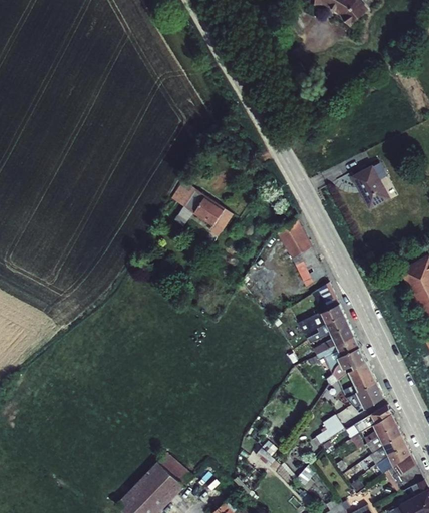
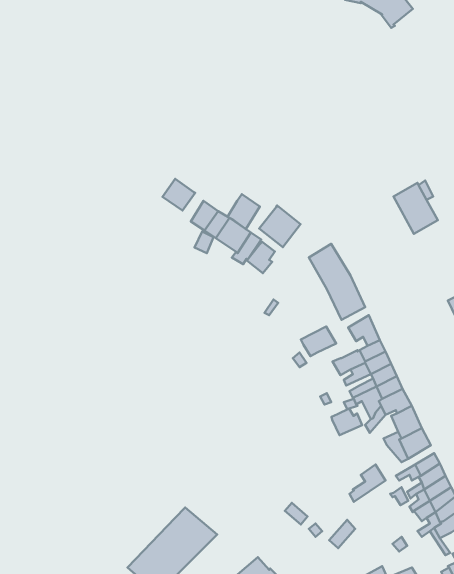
building: none -> [162,179,195,211]
building: none -> [228,194,260,229]
building: none -> [259,205,301,247]
building: none -> [247,242,275,273]
building: none -> [301,327,336,356]
building: none -> [332,408,362,435]

